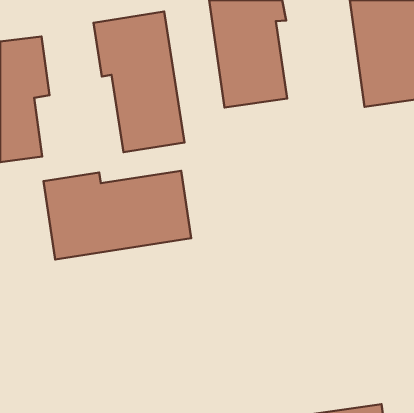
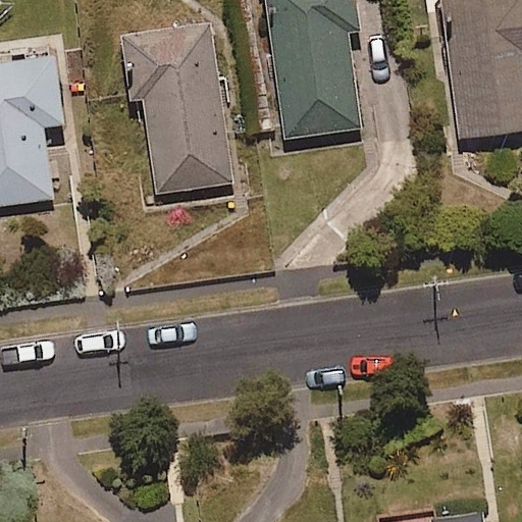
building: [43,171,191,259] -> none

